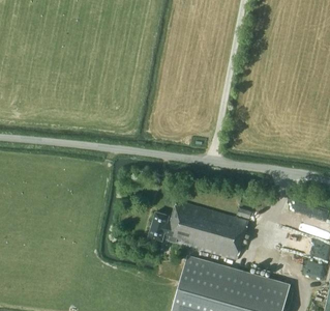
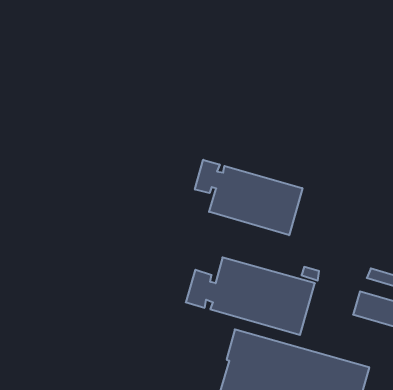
building: none -> [195,160,302,235]

